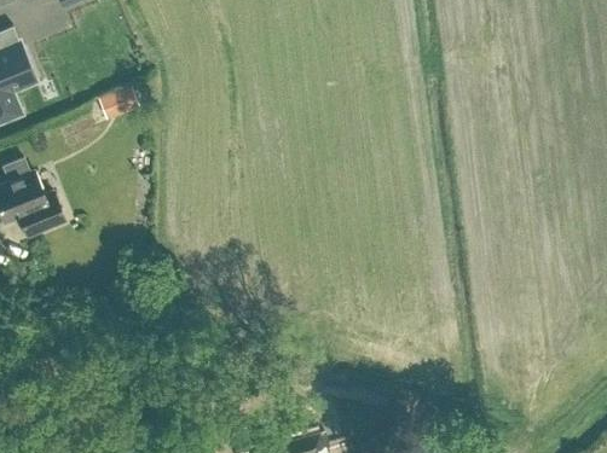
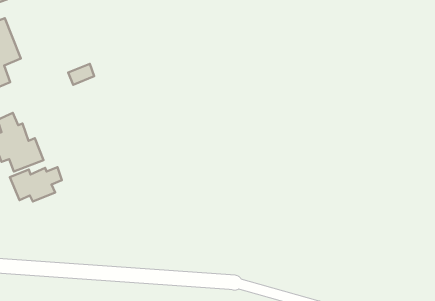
building: none -> [10,167,62,201]

